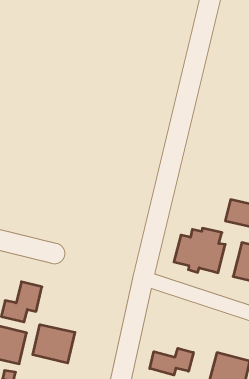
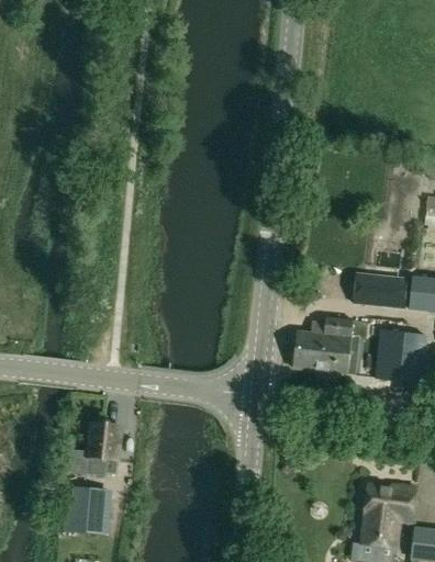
building: [33,325,75,363] -> none
building: [150,348,193,375] -> none

